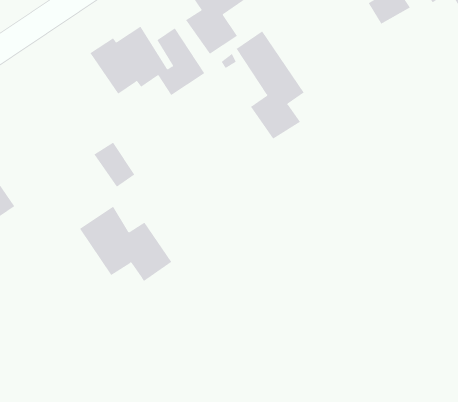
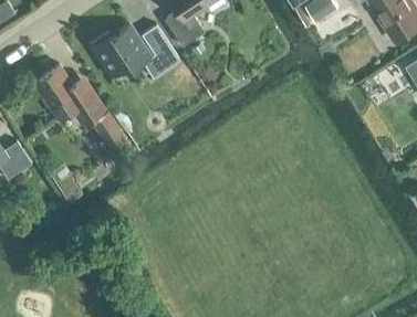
building: [236,30,305,140] -> none
building: [79,206,172,282] -> [33,65,105,124]

